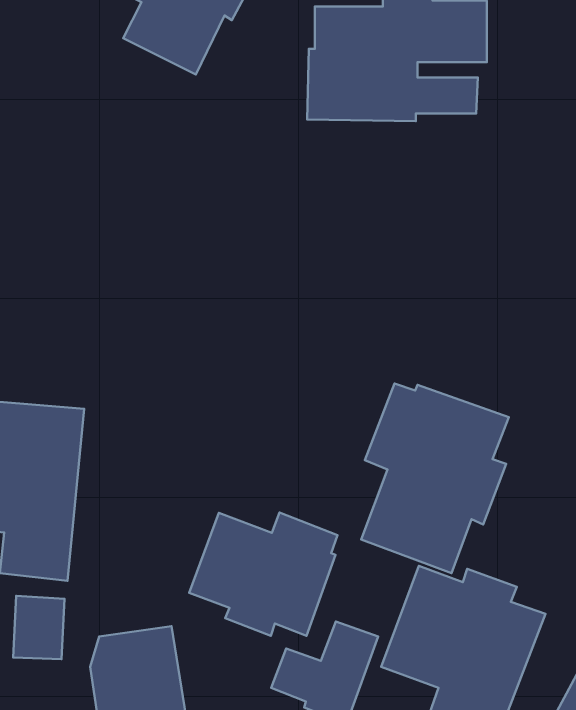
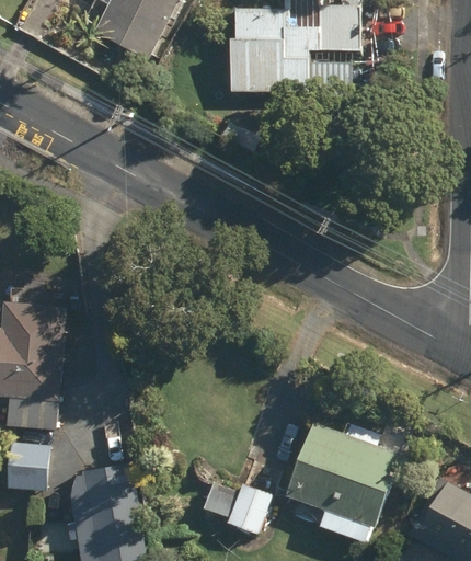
building: [361,383,509,573] -> none
building: [189,513,338,636] -> none

